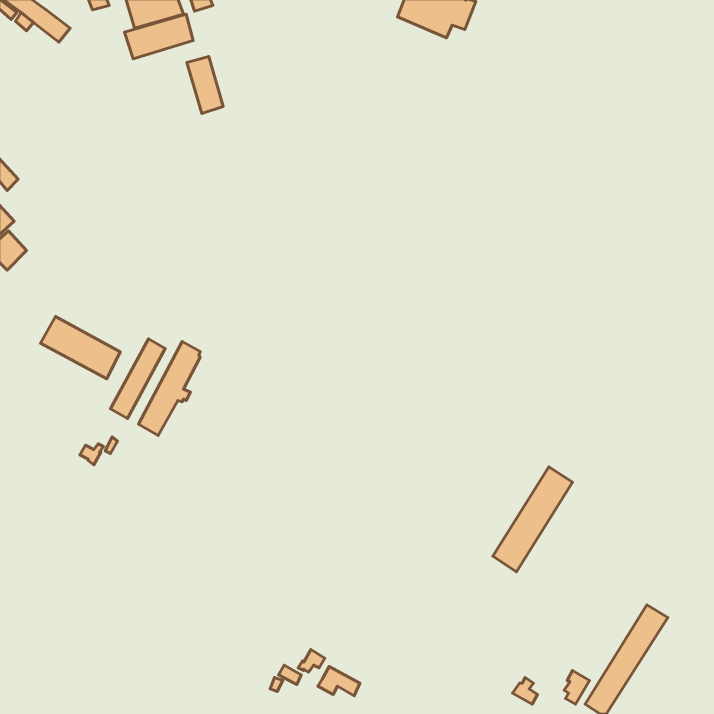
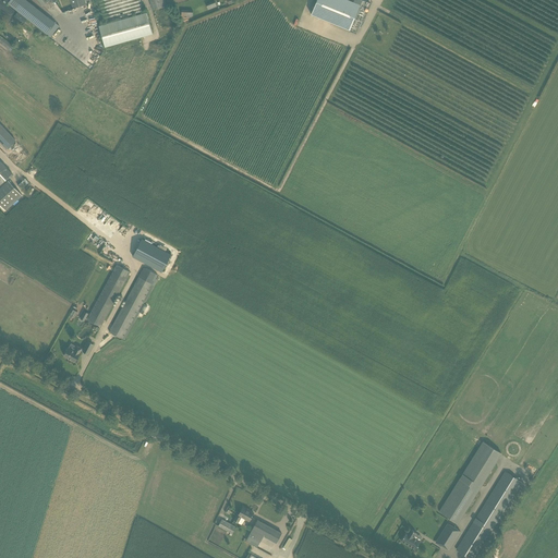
building: [187,56,223,113] -> none
building: none -> [131,238,170,271]
building: [40,316,120,379] -> none
building: [493,467,573,572] -> [438,440,500,522]

